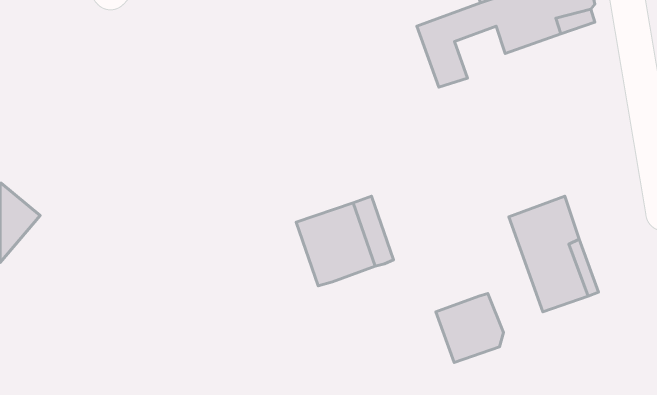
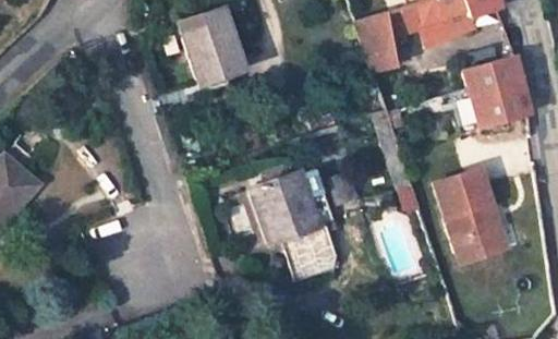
building: none -> [180,7,245,84]
building: none -> [464,55,530,128]
building: [436,294,503,362] -> [284,223,341,281]

